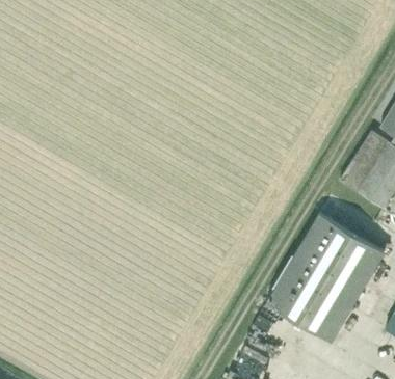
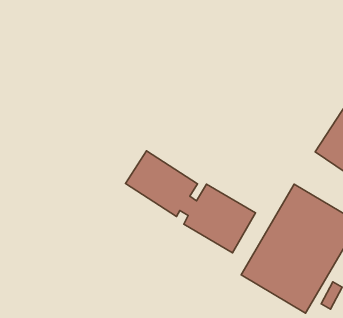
building: none -> [125,151,255,253]

